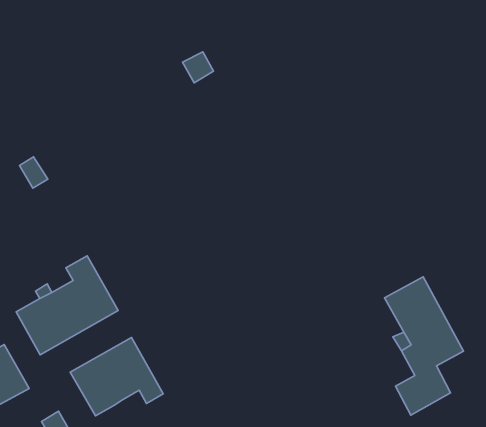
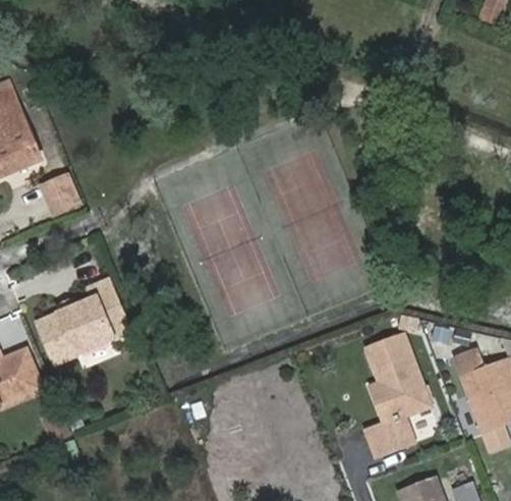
building: [70,338,163,416] -> none

